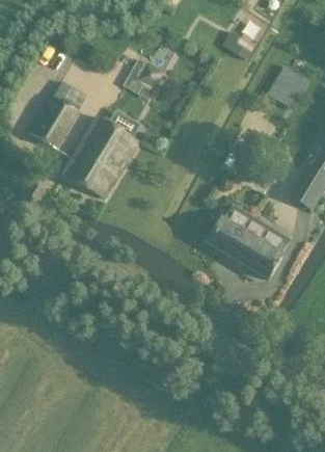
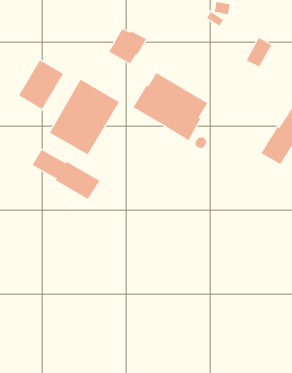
building: none -> [32,149,100,200]
building: [208,205,289,278] -> [132,72,208,141]

